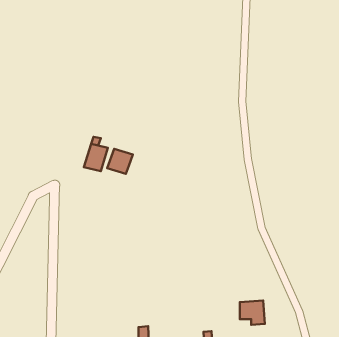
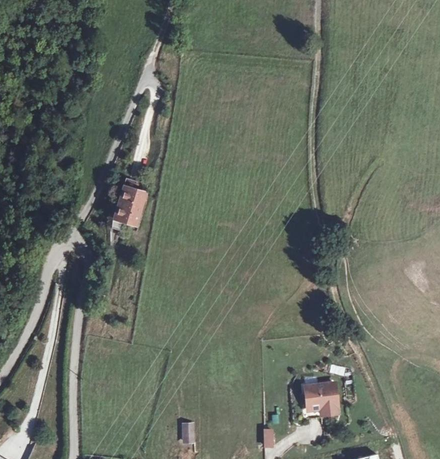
building: [107,149,133,174] -> none

